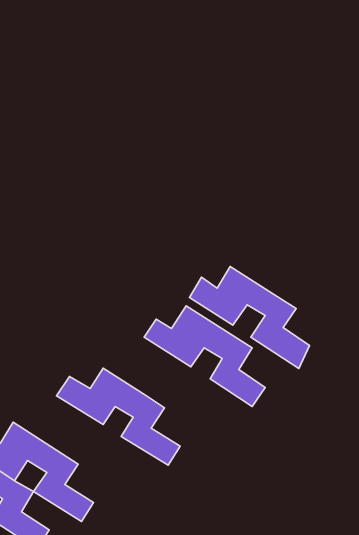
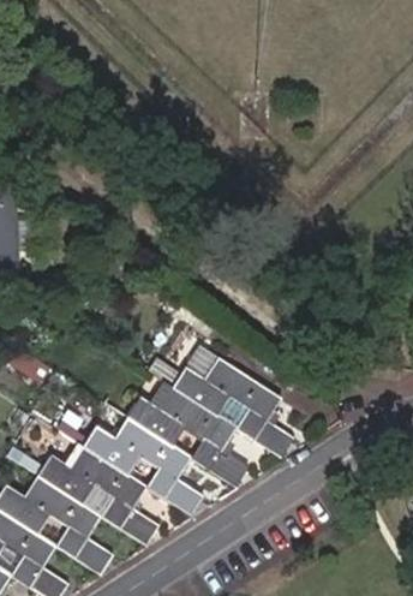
building: [190,267,310,368] -> [125,386,245,488]
building: none -> [35,445,160,543]

